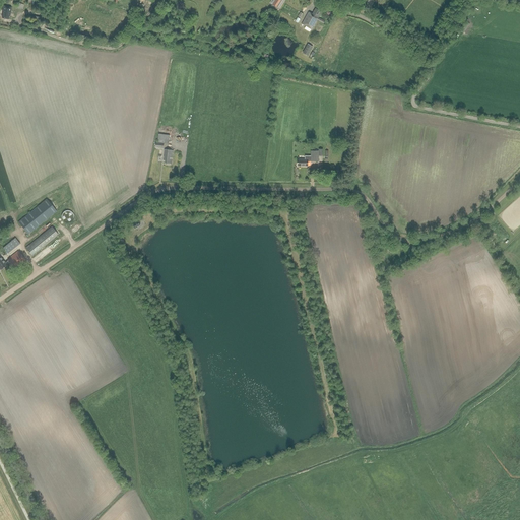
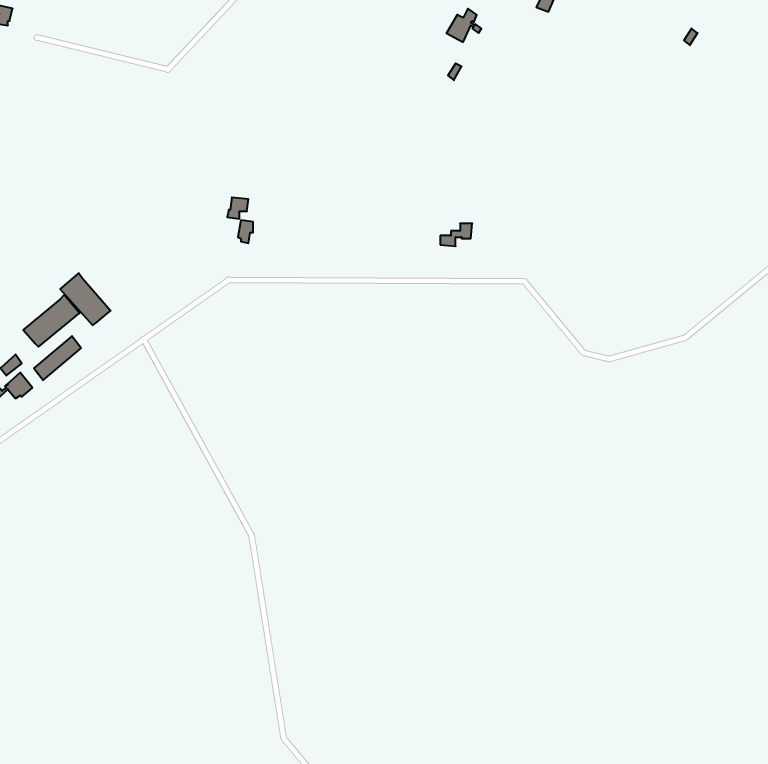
building: none -> [60,273,111,325]

